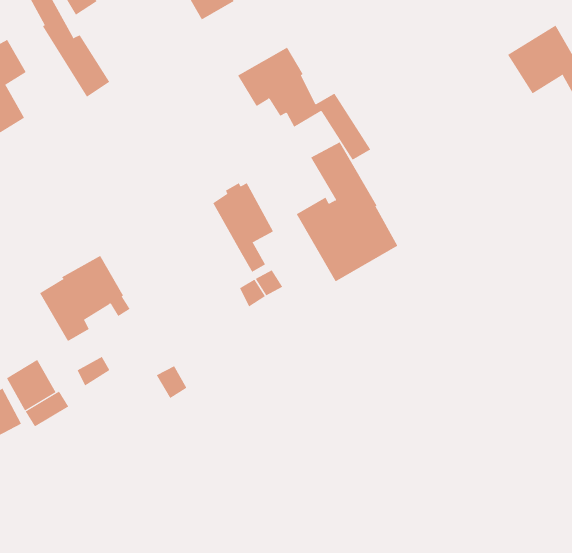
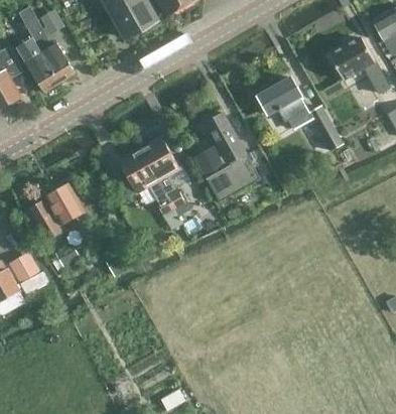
building: none -> [24,38,60,93]
building: [237,47,371,161] -> [258,78,344,150]
building: none -> [119,151,158,194]

